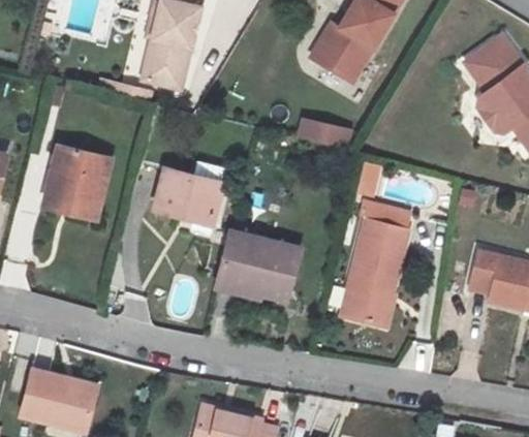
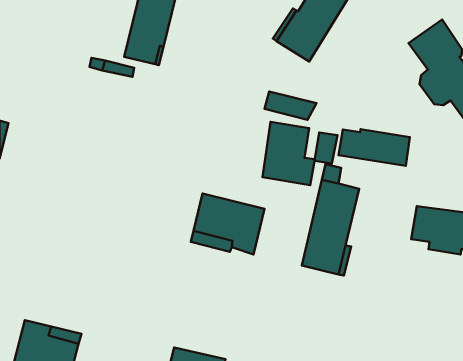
building: [48,142,114,205] -> none
building: none -> [262,122,315,185]
building: none -> [339,129,410,166]
building: [161,165,224,217] -> none

